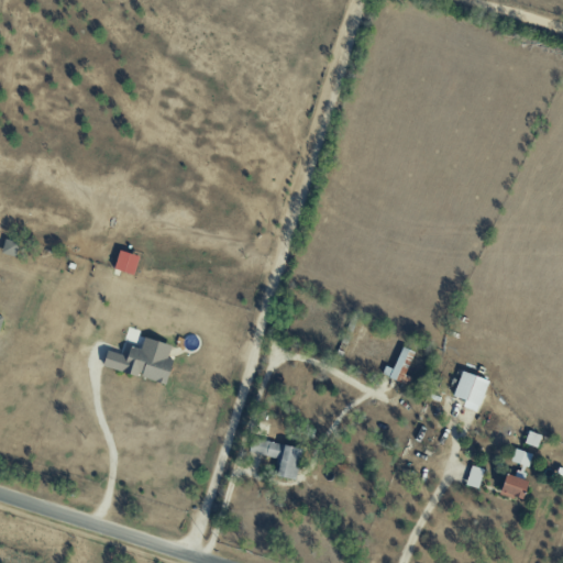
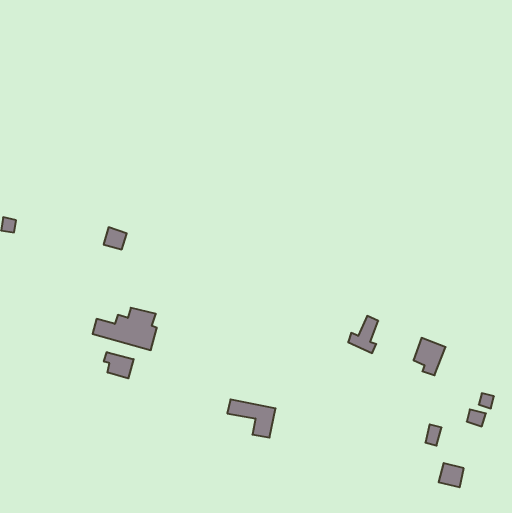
building: none -> [104,352,134,378]
building: [500,473,528,499] -> [439,463,464,487]

